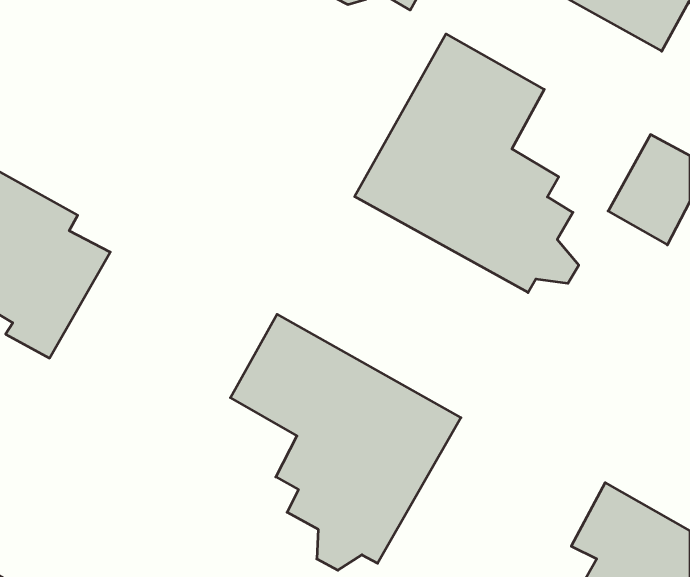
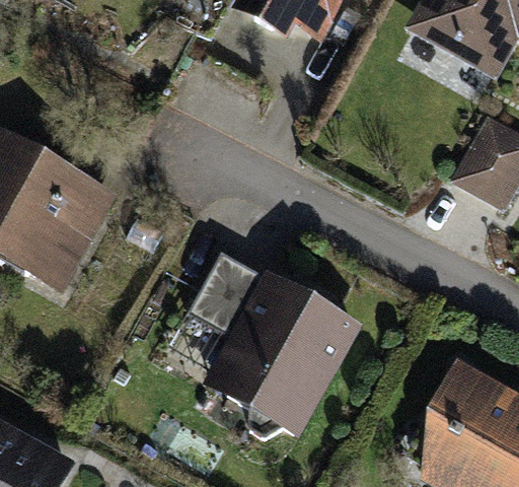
building: [355,34,579,293] -> none

